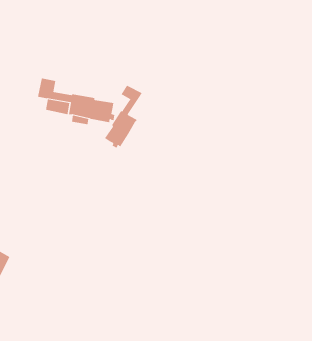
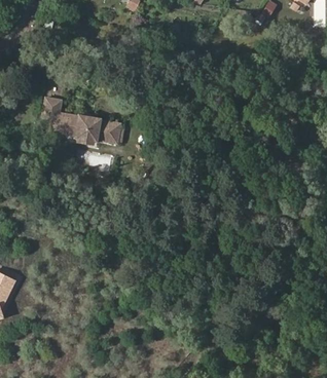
building: [104,85,142,149] -> none

